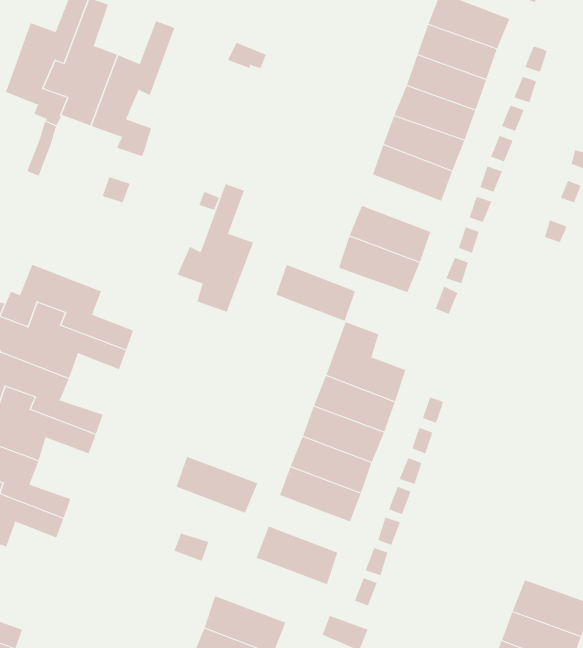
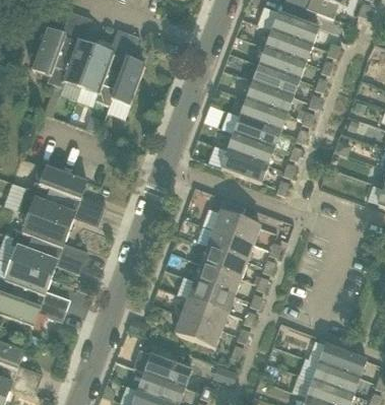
building: [177,183,254,312] -> [101,30,144,104]
building: [275,264,356,322] -> [234,114,279,146]
building: [176,456,258,514] -> [181,295,228,328]

